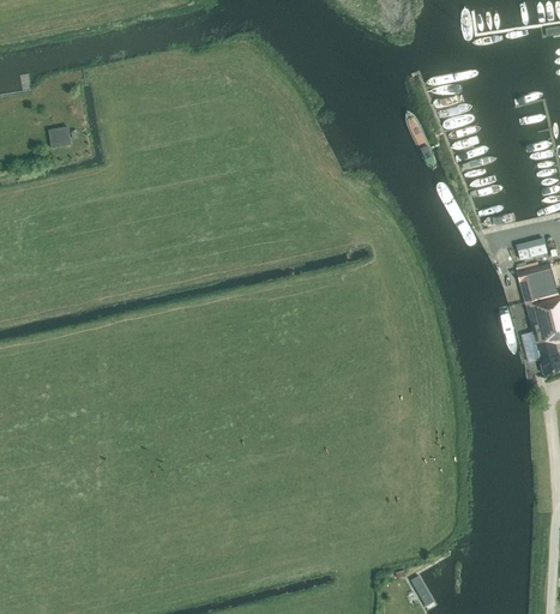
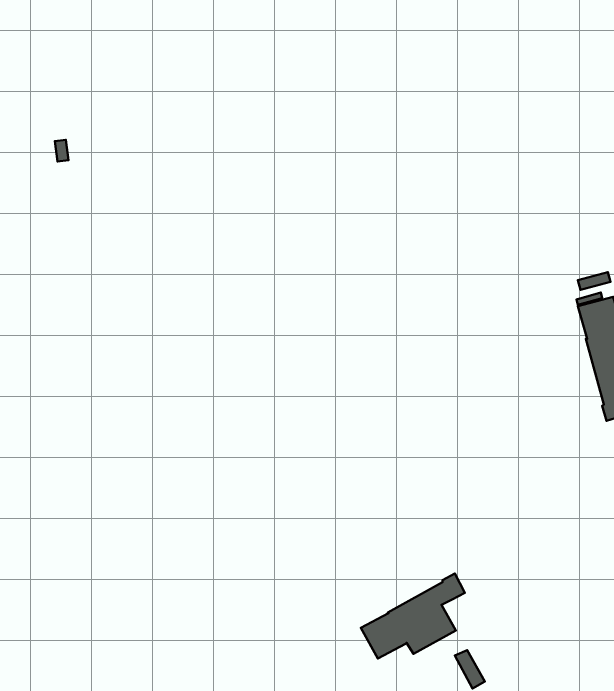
building: none -> [361,573,465,658]

